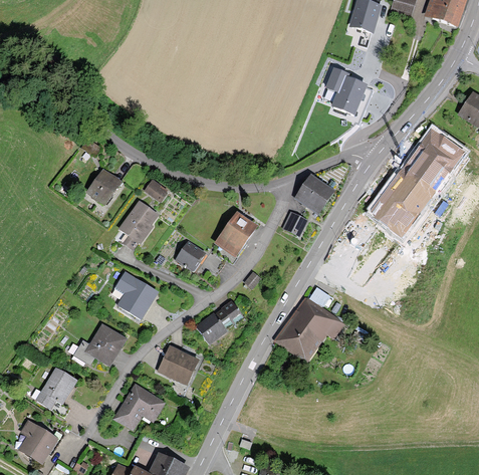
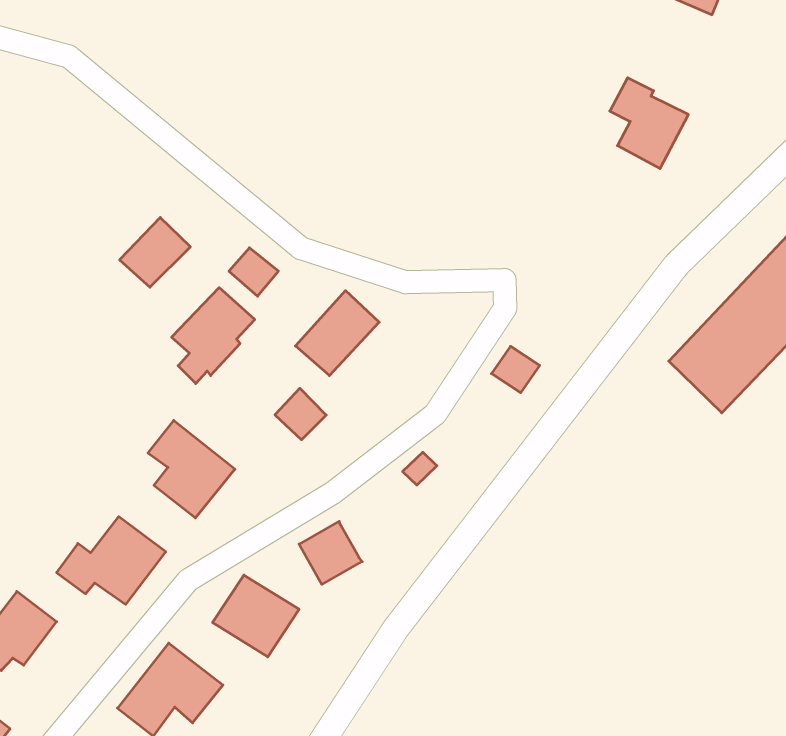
building: [293,173,334,214] -> none
building: [215,211,256,255] -> [295,291,379,376]
building: [277,298,339,362] -> none
building: [215,301,242,328] -> none

